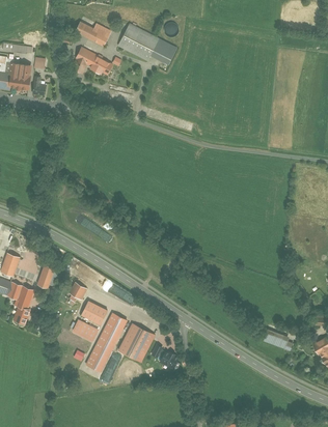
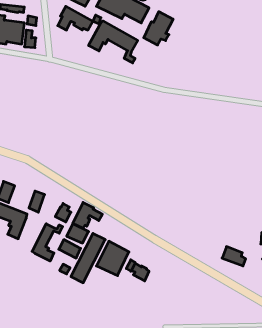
building: none -> [144,12,173,45]
building: none -> [89,21,138,63]
building: none -> [73,202,102,228]
building: none -> [32,224,63,261]

